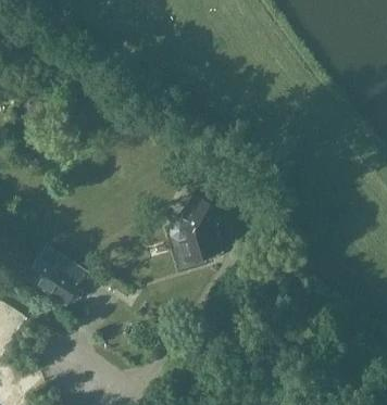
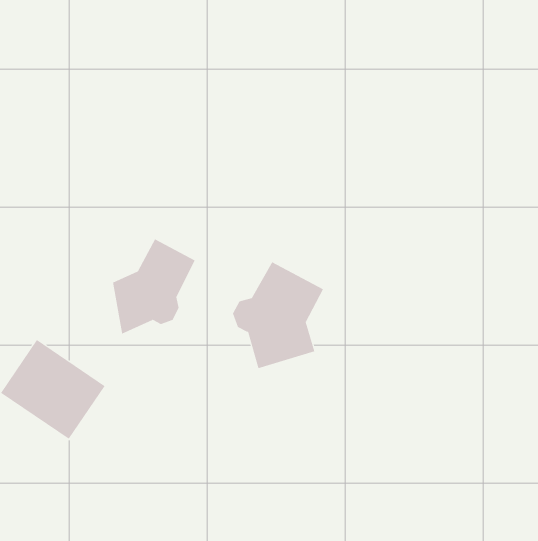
building: none -> [112,239,196,334]

